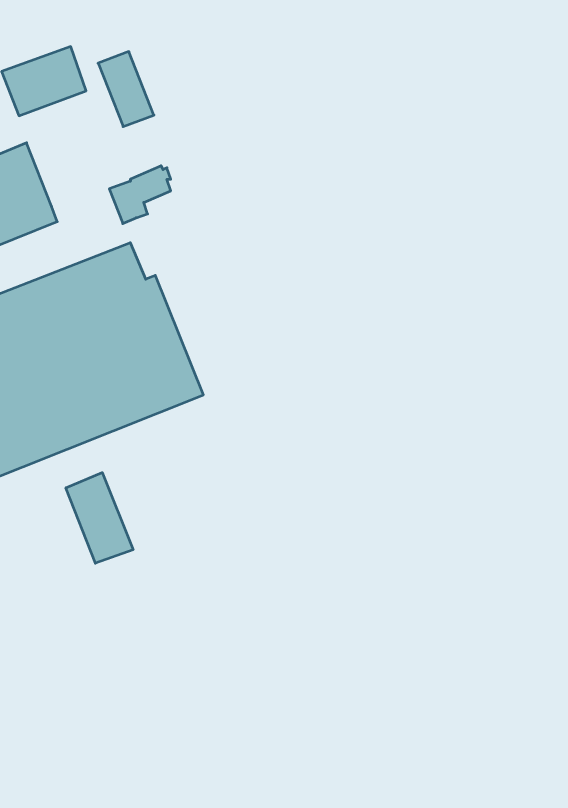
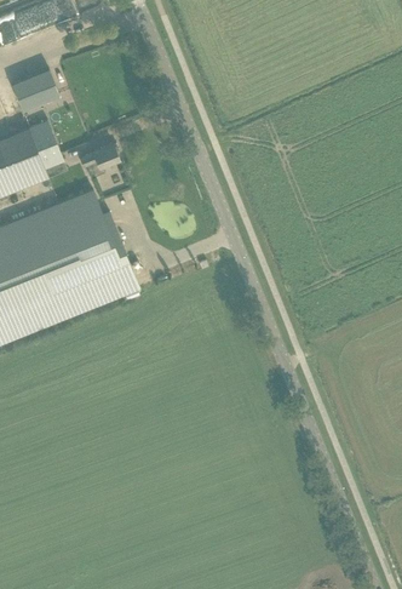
building: [98,52,154,127] -> [28,121,63,168]
building: [66,473,133,563] -> none

